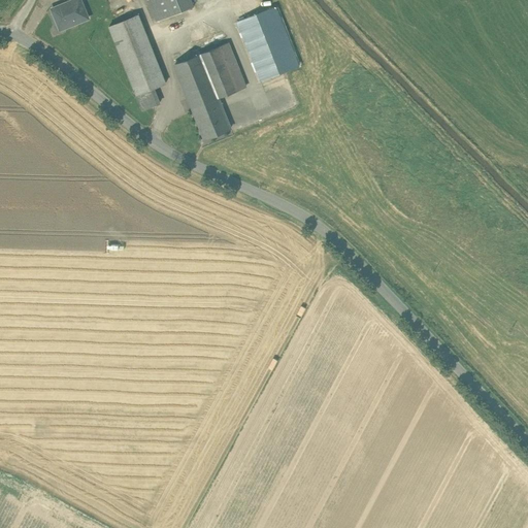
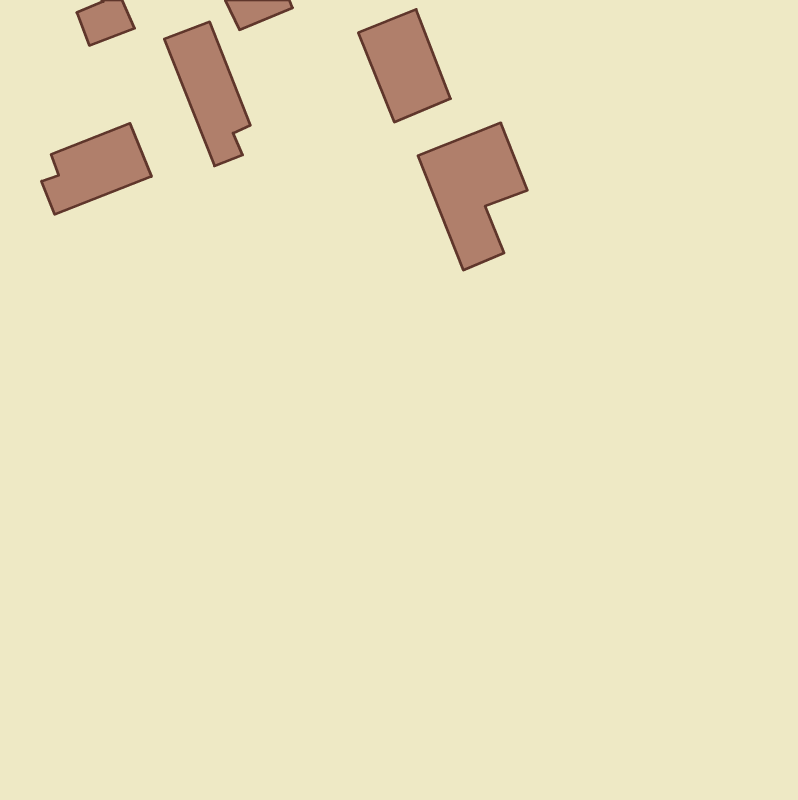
building: [173,42,245,139] -> [418,123,527,270]
building: none -> [42,123,151,214]

